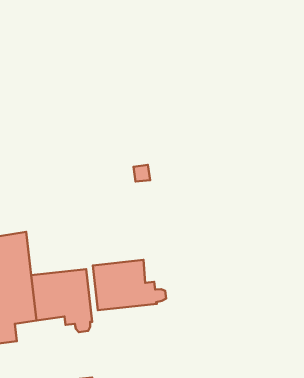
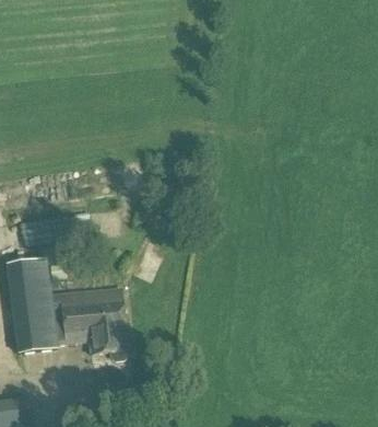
building: [93,260,166,310] -> none

